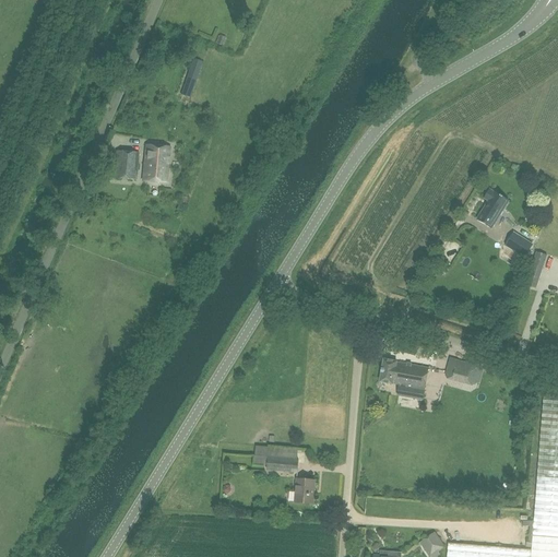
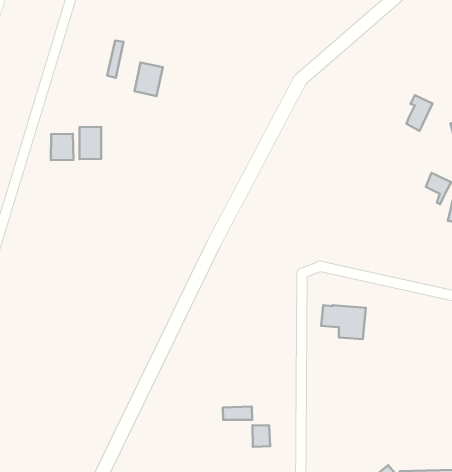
building: none -> [134,63,163,96]
building: [477,188,507,226] -> [406,95,432,131]
building: [443,356,478,382] -> none

